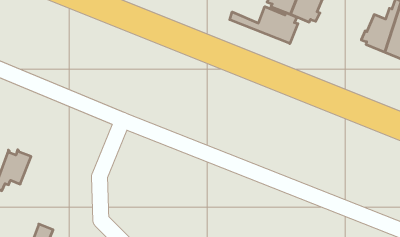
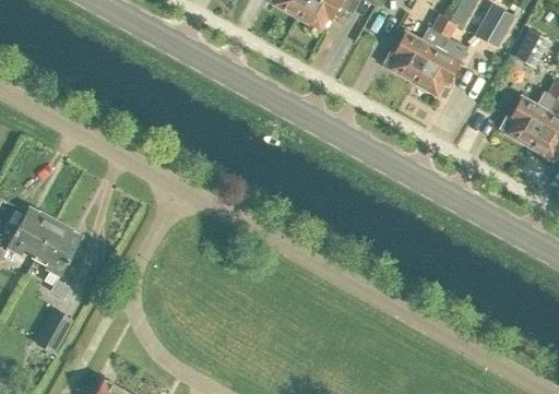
building: [230,7,298,44] -> none
building: none -> [36,222,80,299]

